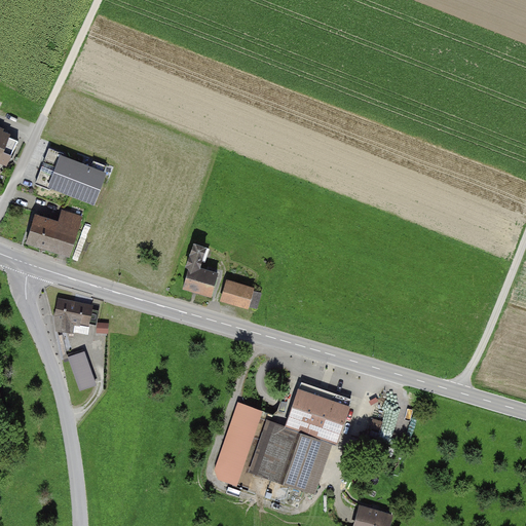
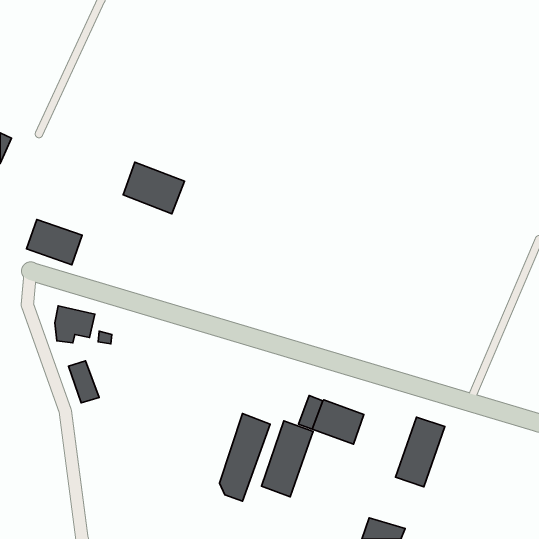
building: [46,154,106,204] -> [123,162,184,214]
building: [184,243,218,294] -> none
building: [223,284,252,305] -> none
building: [283,425,331,493] -> [395,417,445,487]

